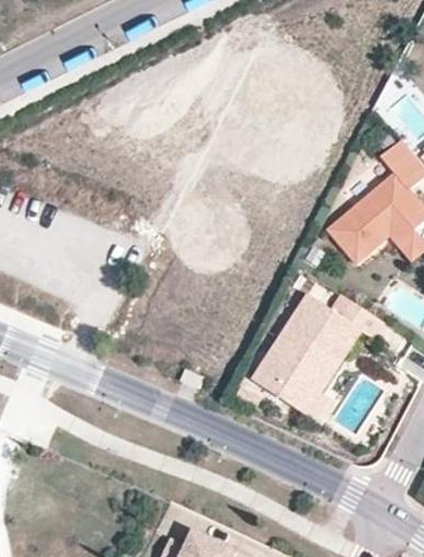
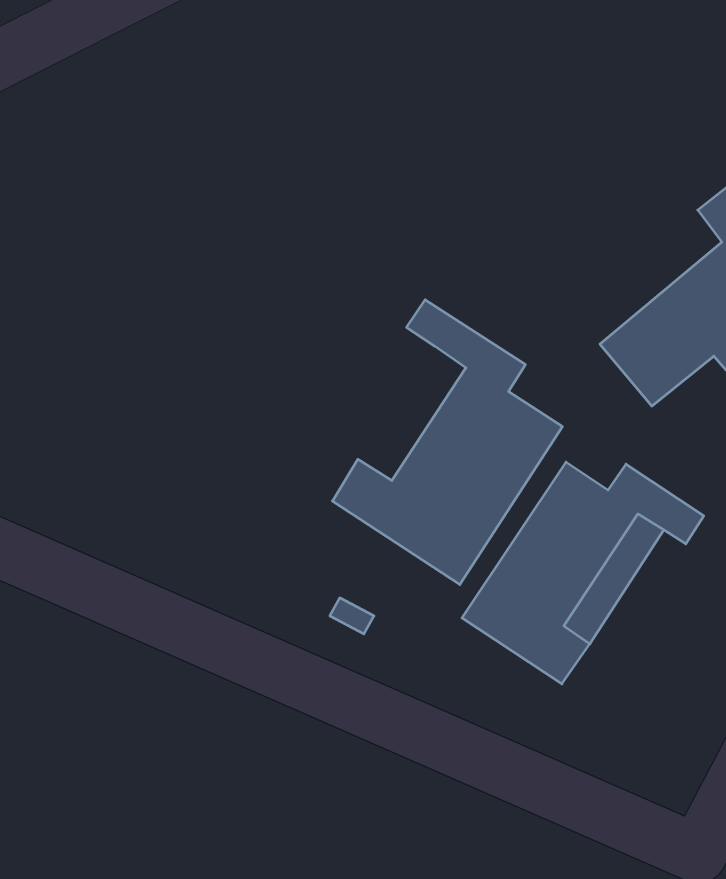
building: none -> [332,300,562,585]

